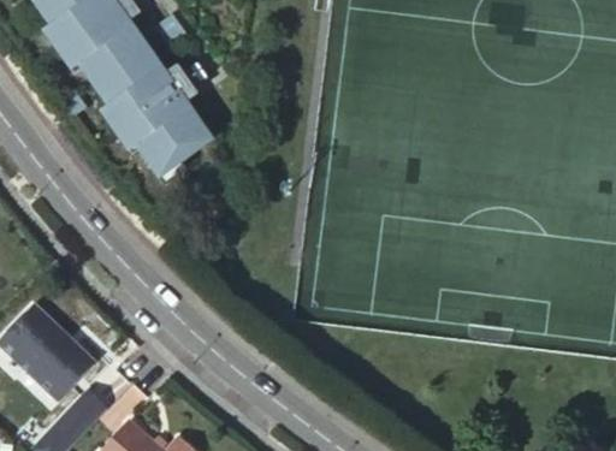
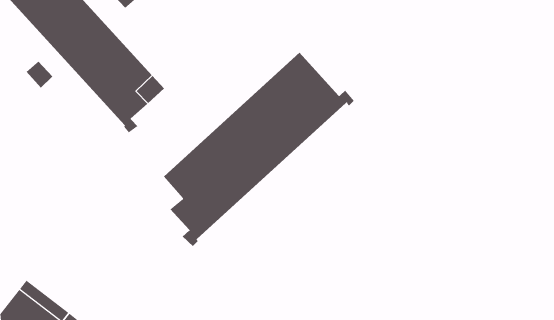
building: none -> [163,52,355,247]

